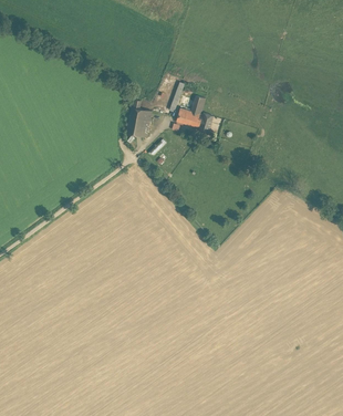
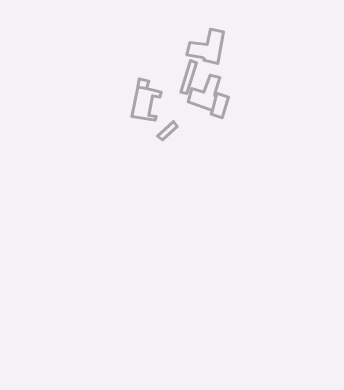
building: none -> [187,29,224,64]

